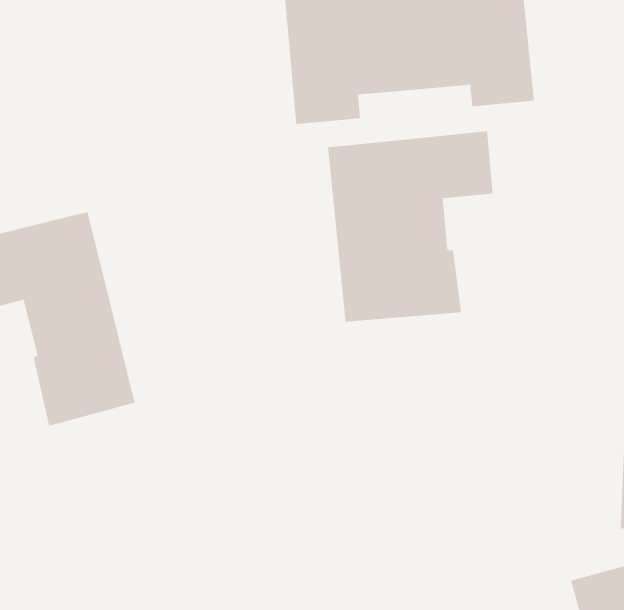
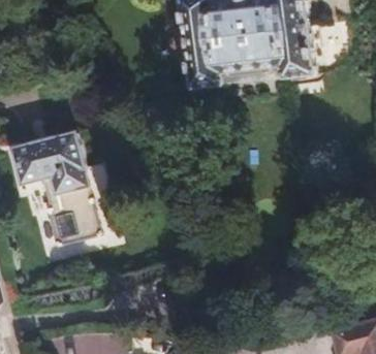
building: [327,131,493,323] -> none

